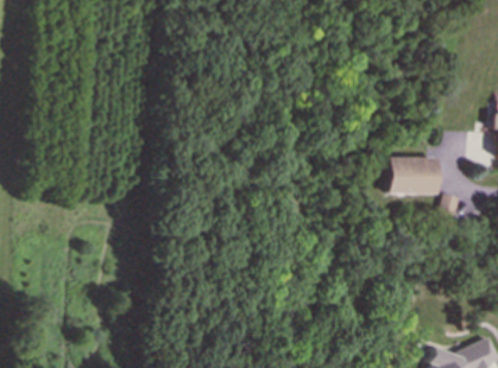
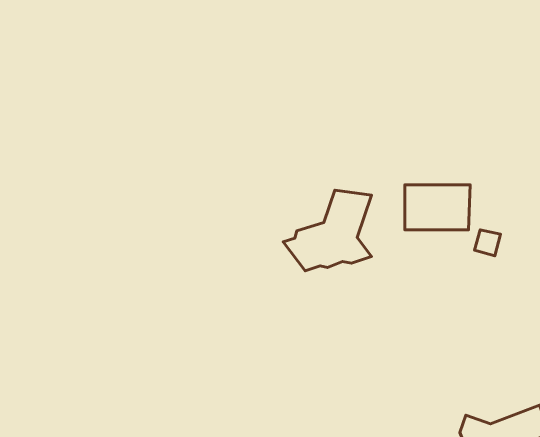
building: none -> [283,190,372,271]

